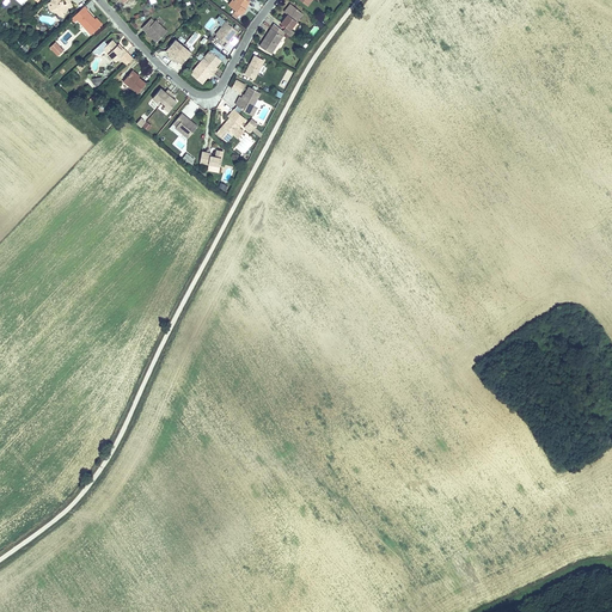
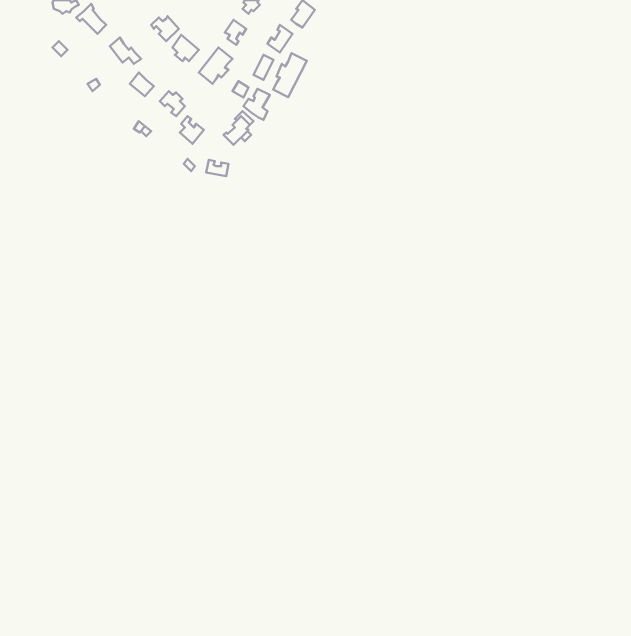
building: none -> [273,53,307,97]

